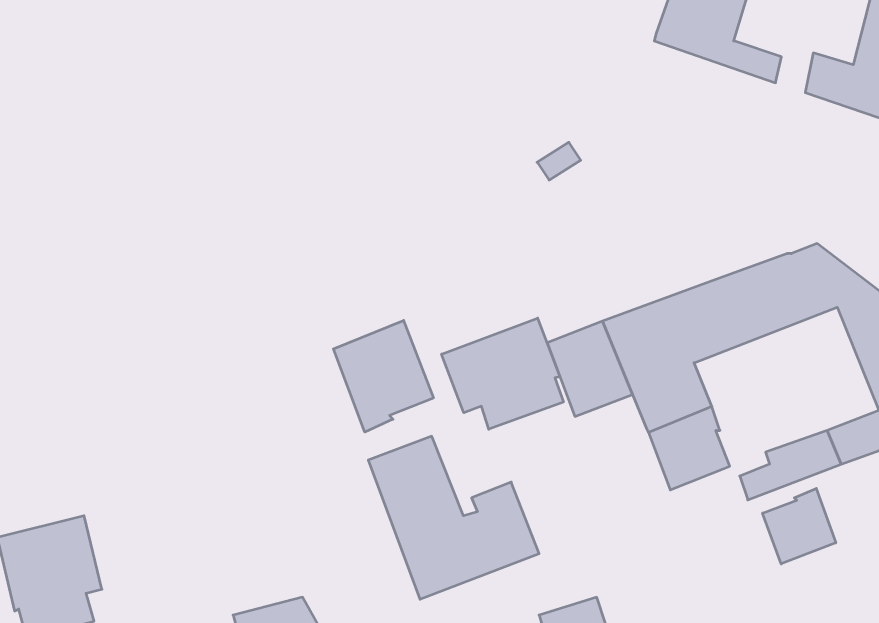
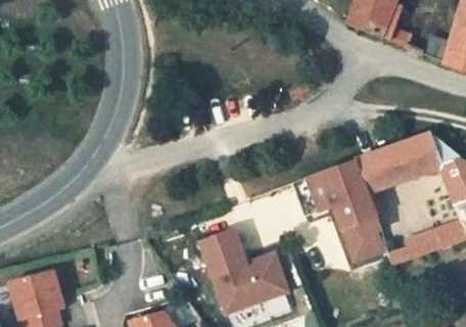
building: [442,318,563,429] -> none
building: [333,320,433,432] -> none
building: [763,488,836,564] -> none

